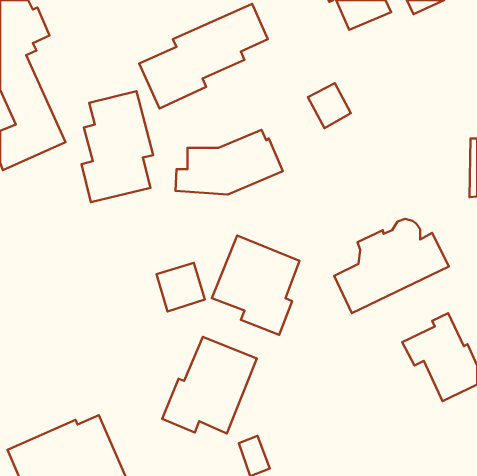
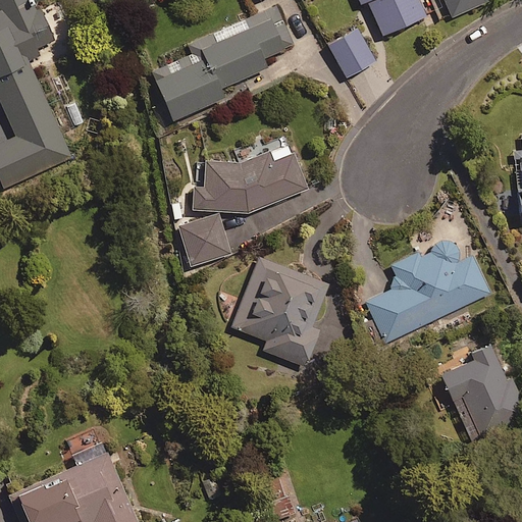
building: [308,83,351,128] -> [327,29,374,77]
building: [82,91,153,202] -> none
building: [156,263,205,312] -> [177,214,230,267]
building: [162,337,257,434] -> none

